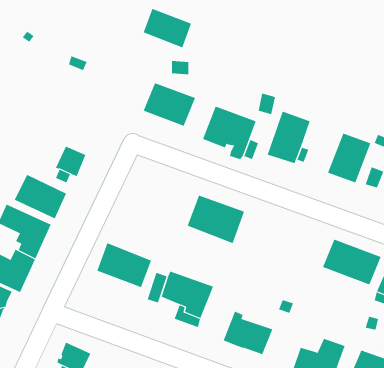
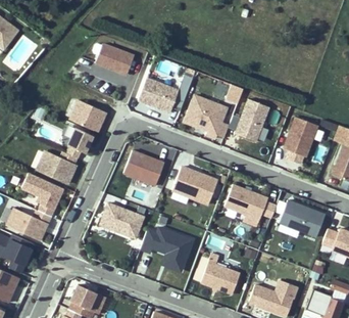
building: [143,8,192,48] -> [95,43,134,75]
building: none -> [67,100,103,131]
building: none -> [123,150,164,186]
building: none -> [223,185,267,221]

